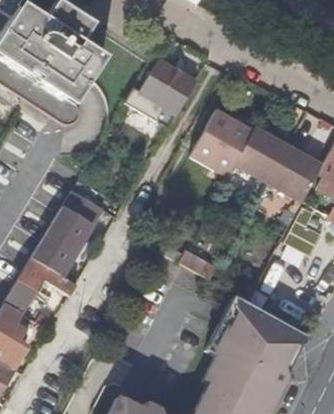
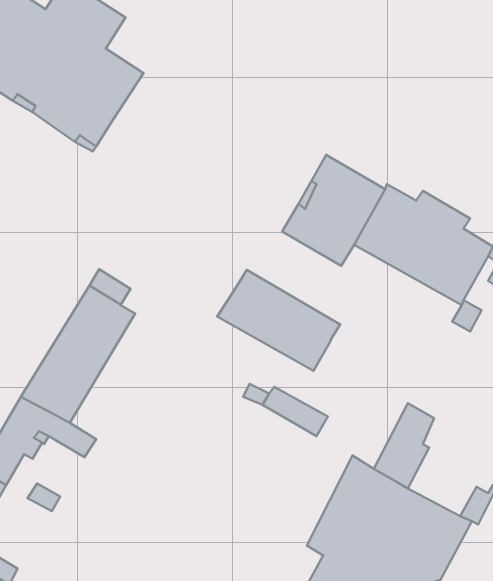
building: [137,55,197,117] -> none
building: none -> [217,270,340,371]

